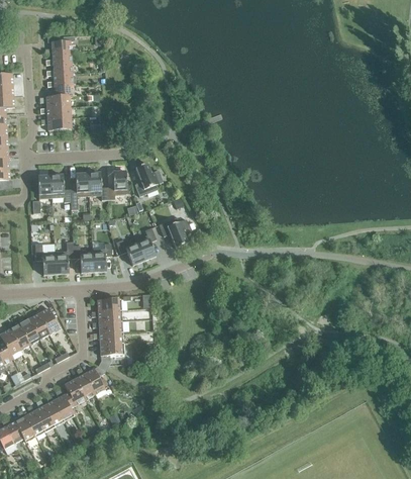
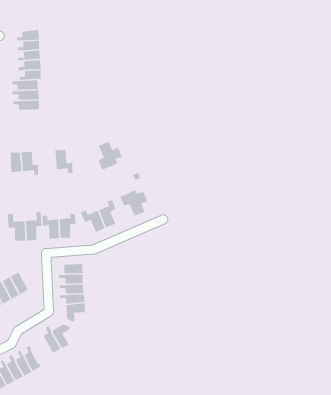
building: [107,171,129,200] -> none
building: [70,174,89,210] -> none
building: [62,379,85,408] -> none

